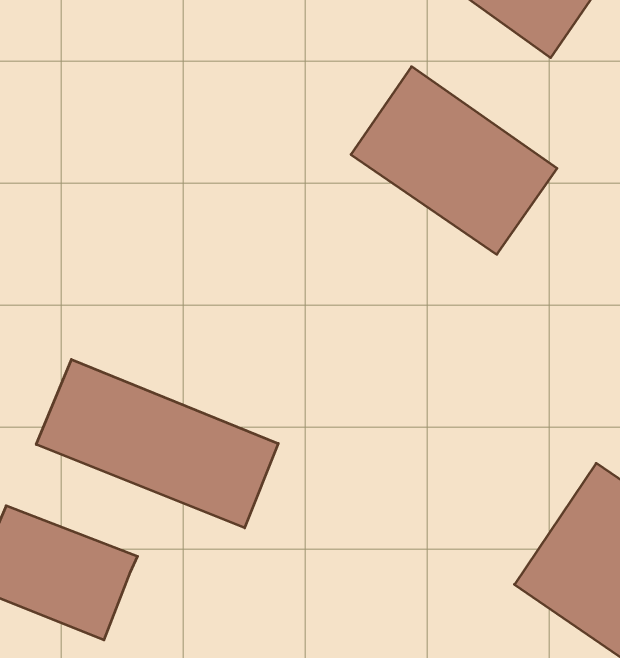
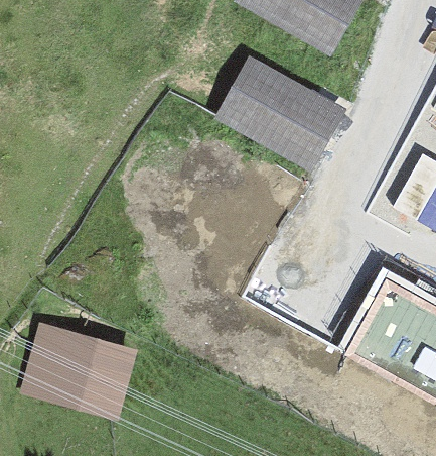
building: [36,359,278,528] -> none

